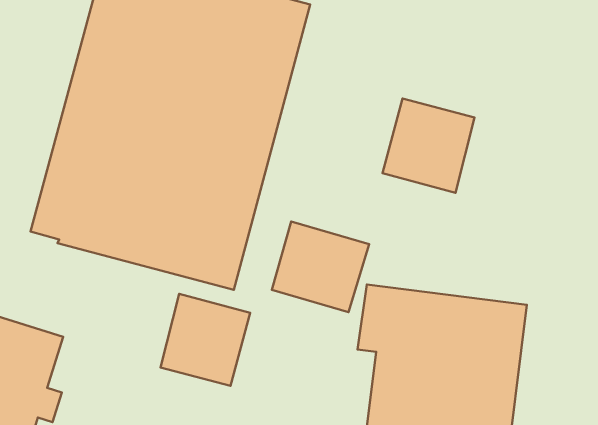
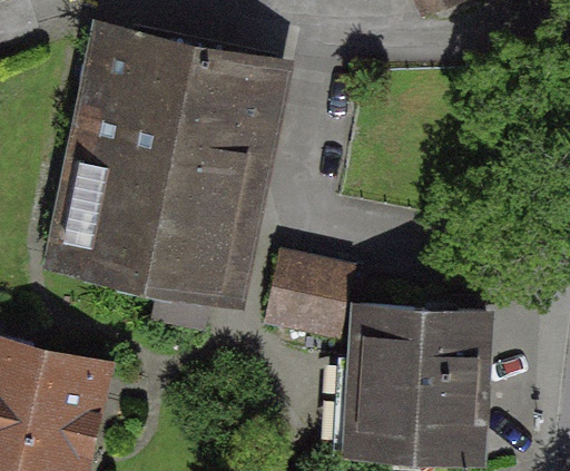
building: [382,98,475,193] -> none
building: [161,294,250,386] -> none

